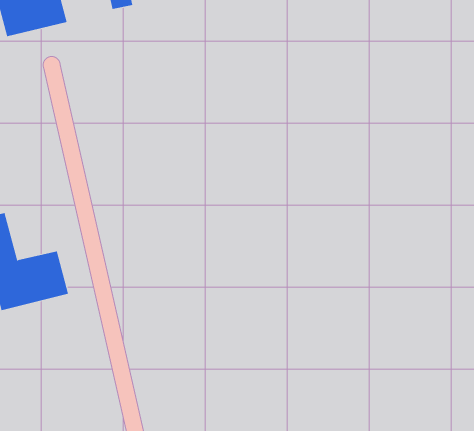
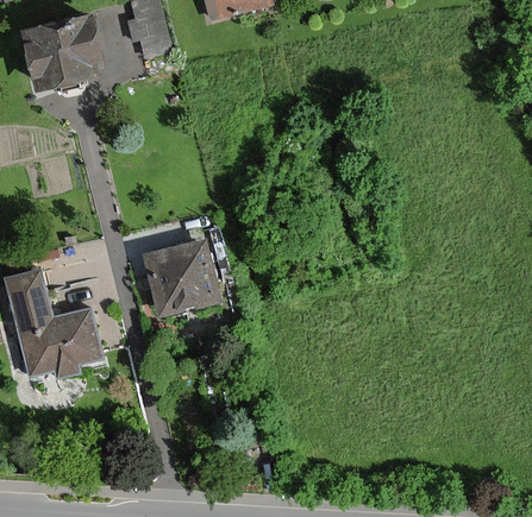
building: none -> [144,241,217,315]

